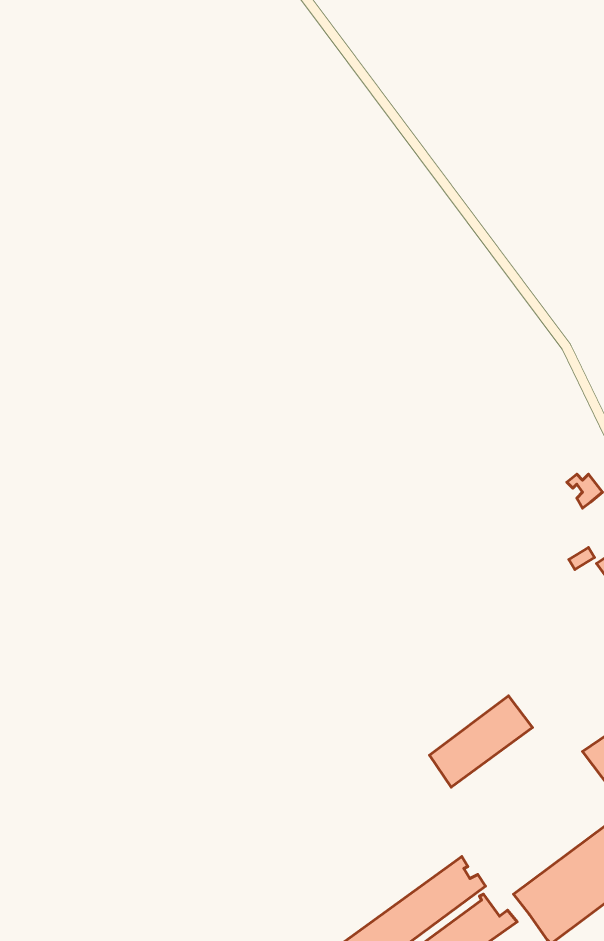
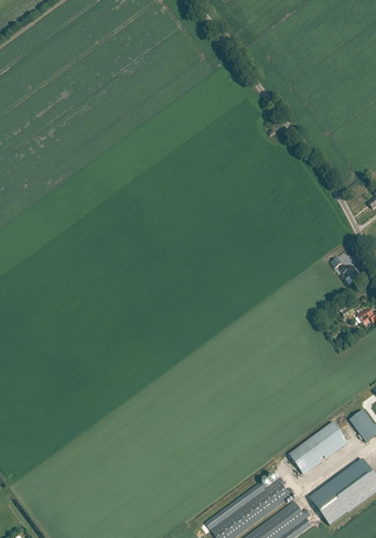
building: [429,696,532,787] -> [289,421,346,472]

